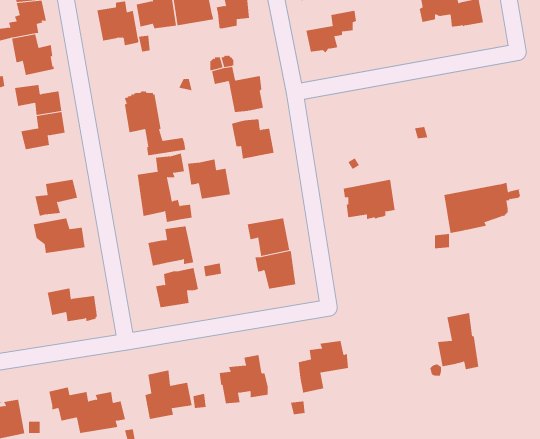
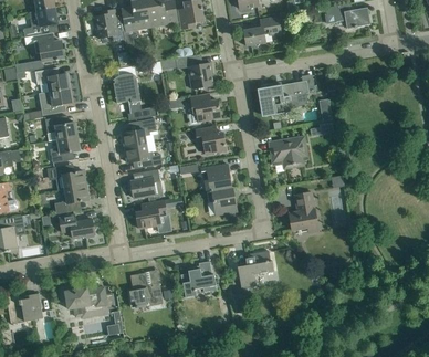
building: none -> [45,116,77,139]
building: [187,159,231,199] -> [196,125,227,154]
building: [443,182,521,233] -> [261,80,316,116]
building: none -> [52,185,90,213]
building: [437,313,479,370] -> [289,191,318,232]

